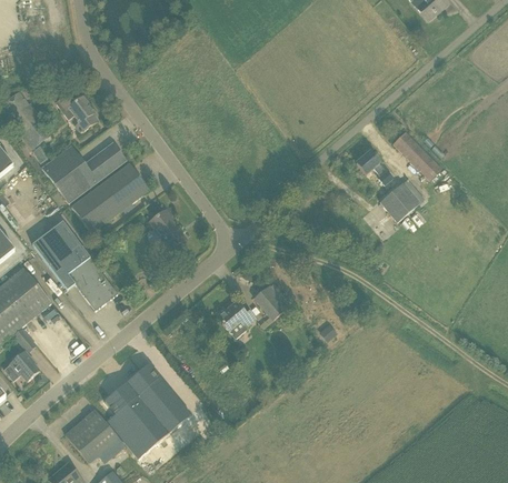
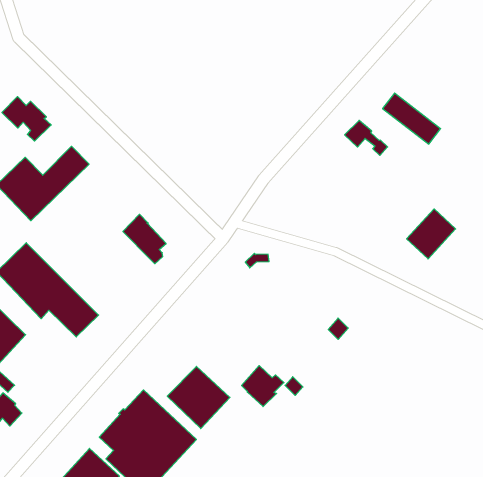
building: [71,162,149,232] -> none
building: [380,178,425,221] -> [407,209,456,259]
building: [255,284,288,318] -> none
building: [218,300,256,336] -> [242,366,284,407]
building: none -> [167,366,230,429]

